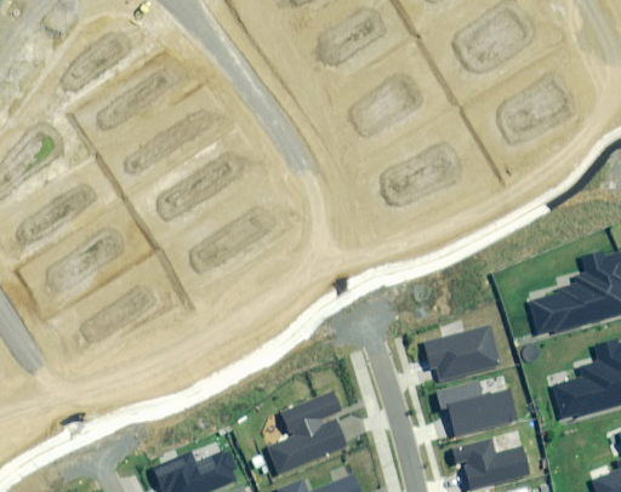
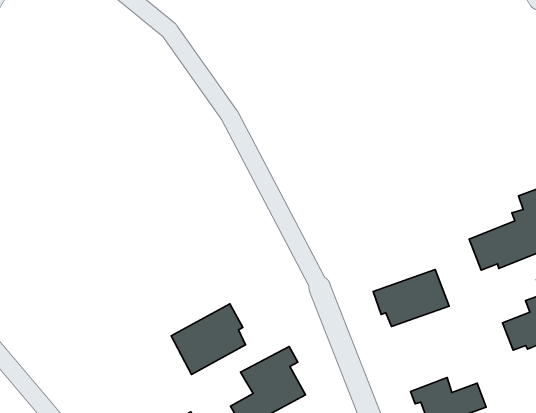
building: none -> [171,304,246,374]
building: [438,381,518,435] -> none

